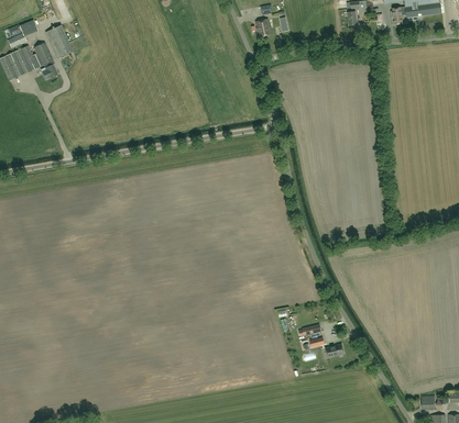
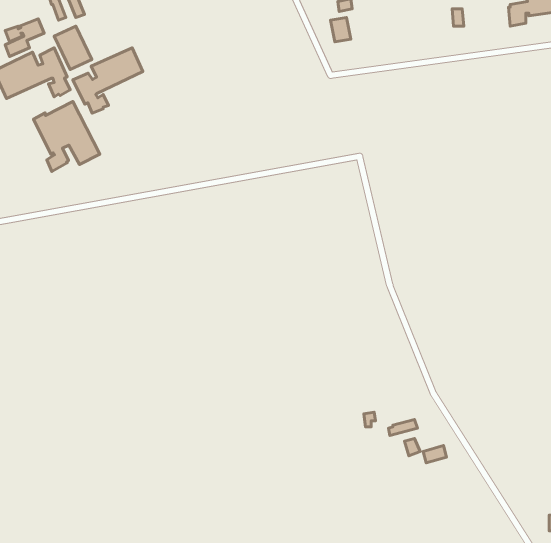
building: none -> [73,48,143,113]
building: none -> [33,102,100,171]

